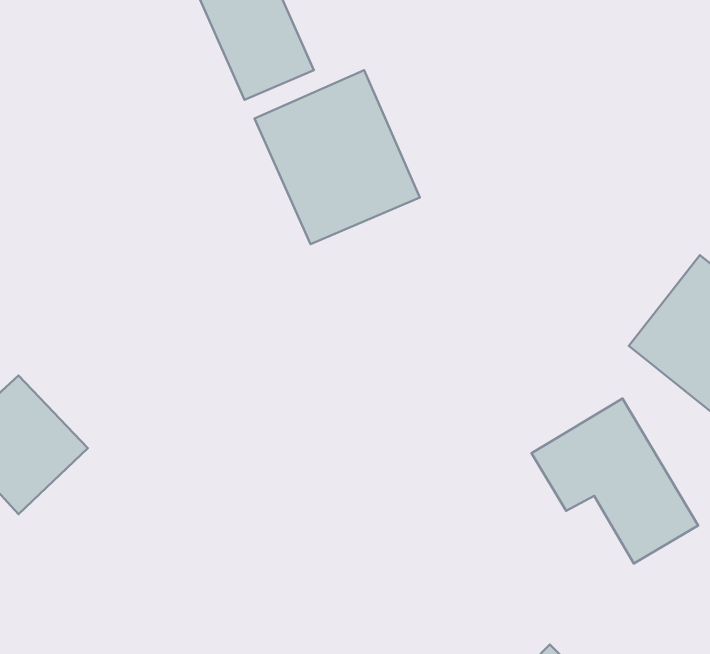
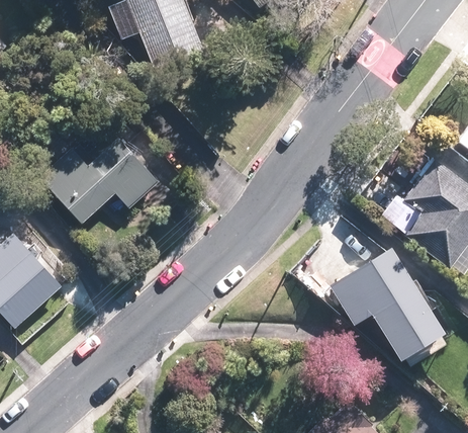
building: [255,70,420,244] -> none
building: none -> [45,138,161,221]

